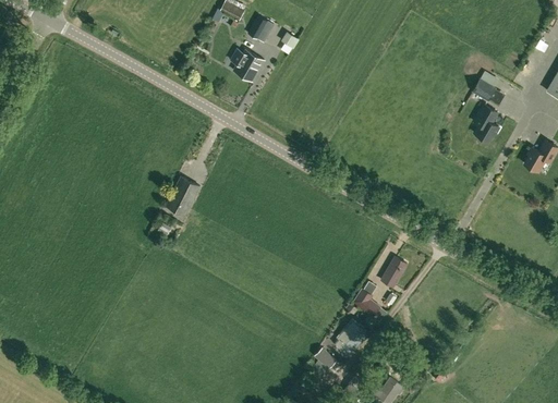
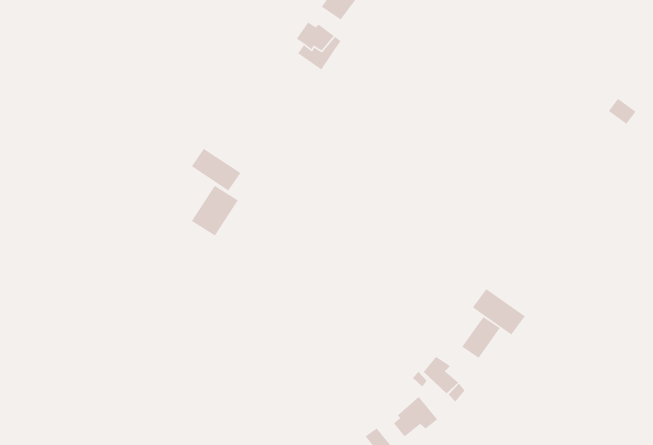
building: [475,106,499,142] -> none
building: none -> [191,148,241,192]
building: none -> [472,288,526,336]

